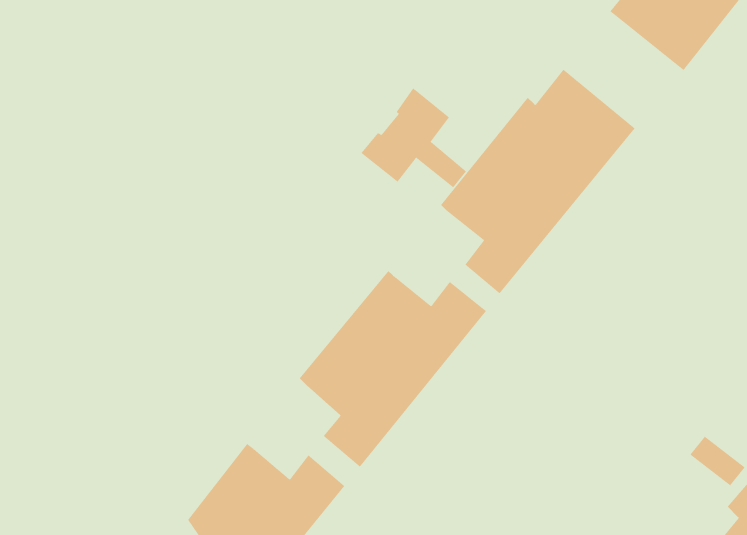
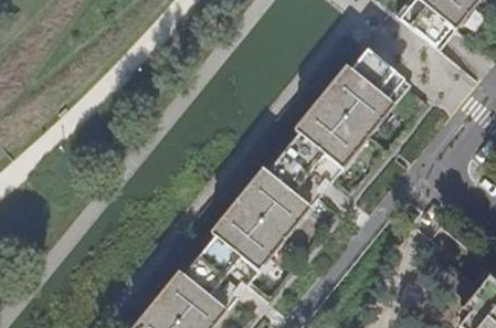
building: [361,88,467,188] -> [265,131,328,191]
building: none -> [182,235,245,295]

